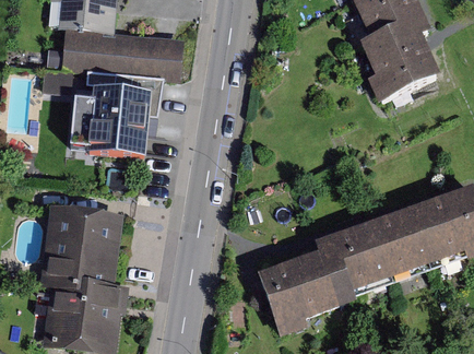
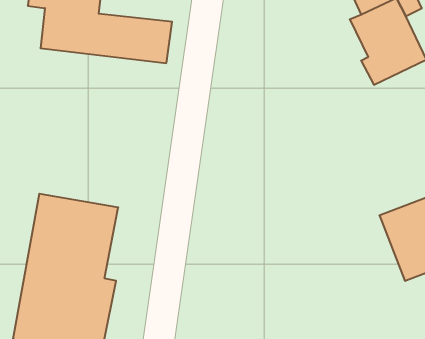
building: [84,84,159,155] -> none
building: [258,220,406,331] -> none

